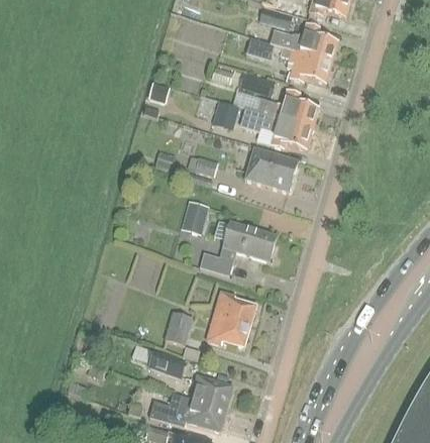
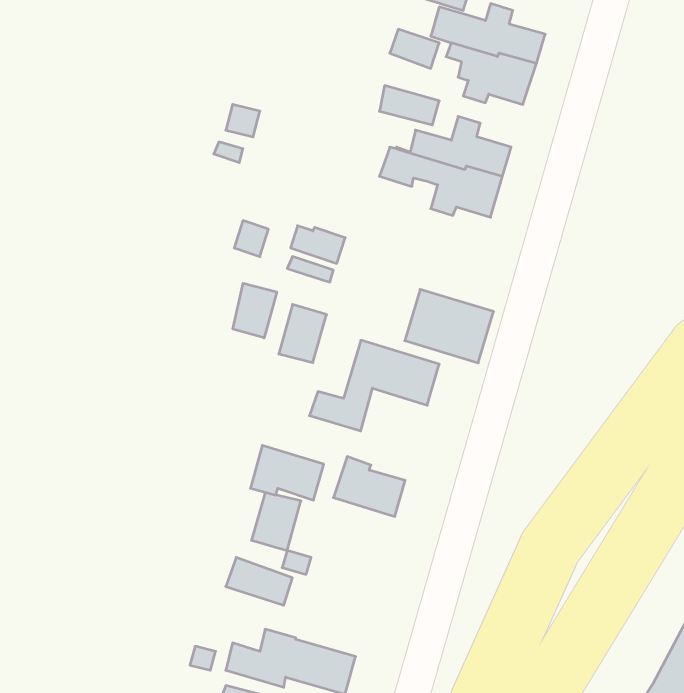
building: [212,101,240,130] -> none
building: [245,148,298,192] -> [405,289,494,363]
building: none -> [233,283,277,338]
building: [206,315,249,347] -> [250,445,324,500]
building: [191,375,232,409] -> none

